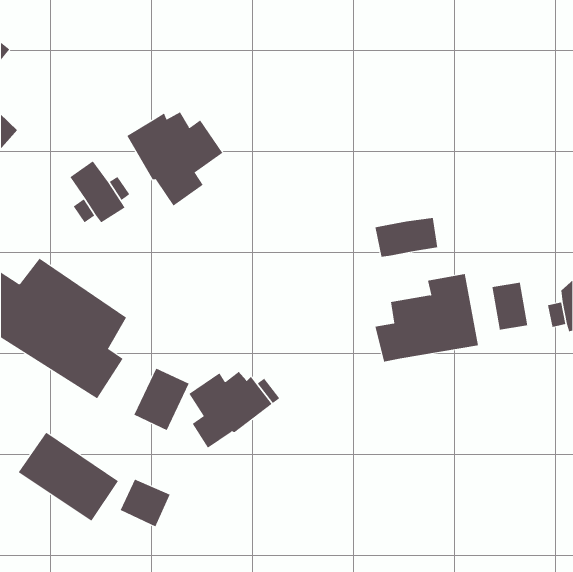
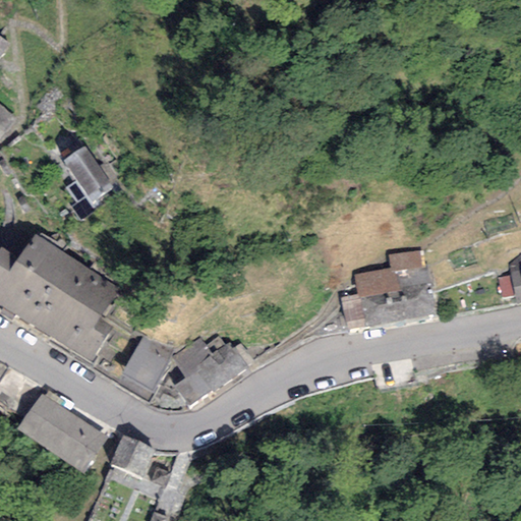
building: [126,112,223,207] -> none
building: [375,217,438,257] -> none
building: [492,282,528,331] -> none

